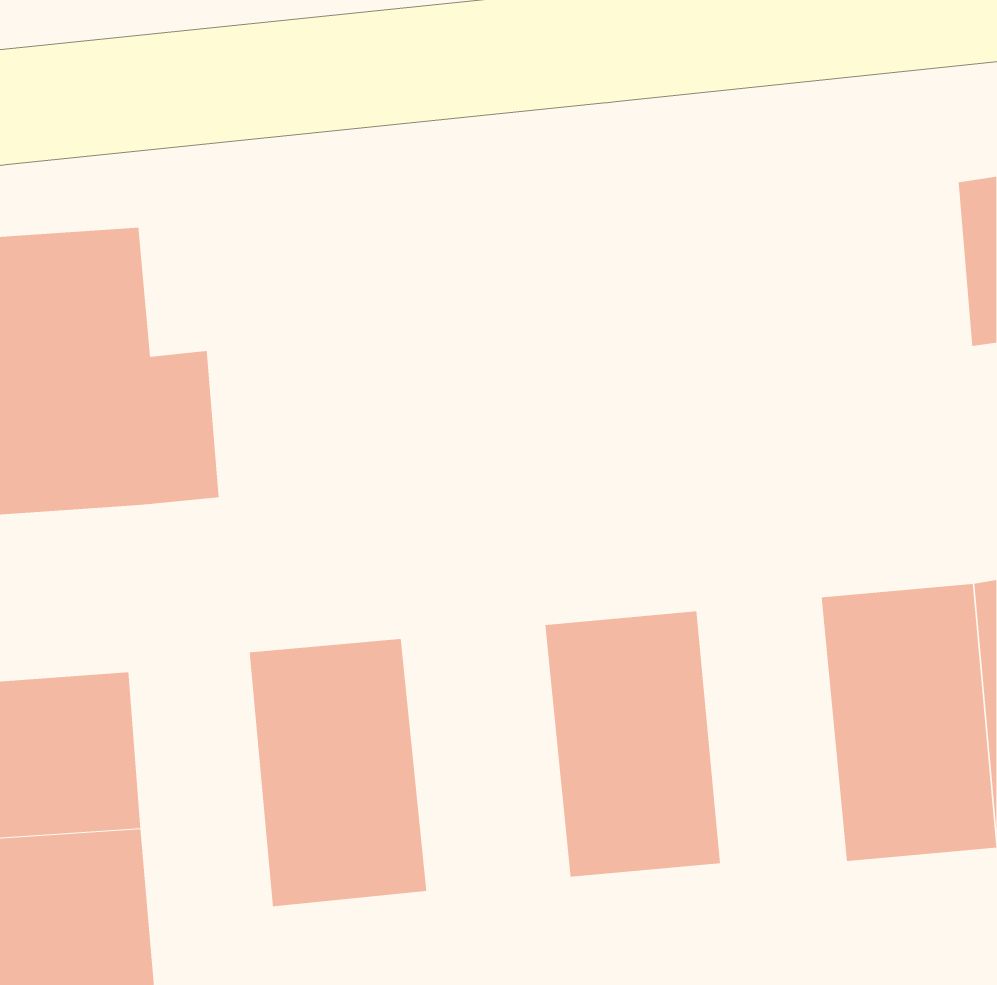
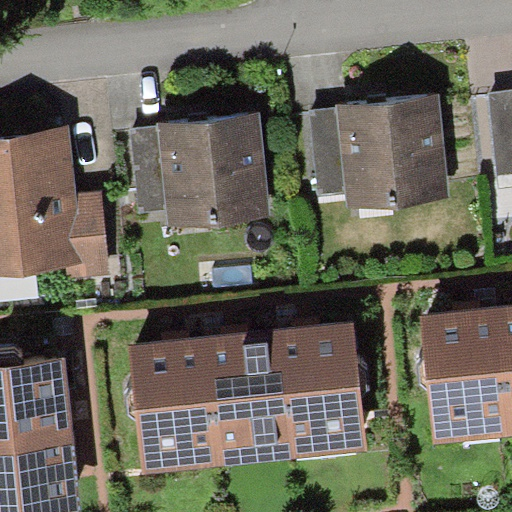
building: none -> [307,104,446,213]
building: none -> [138,124,267,231]
building: none -> [205,327,291,463]

